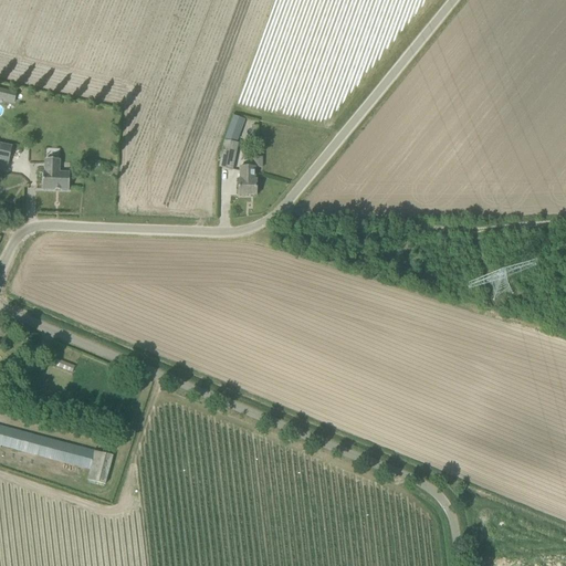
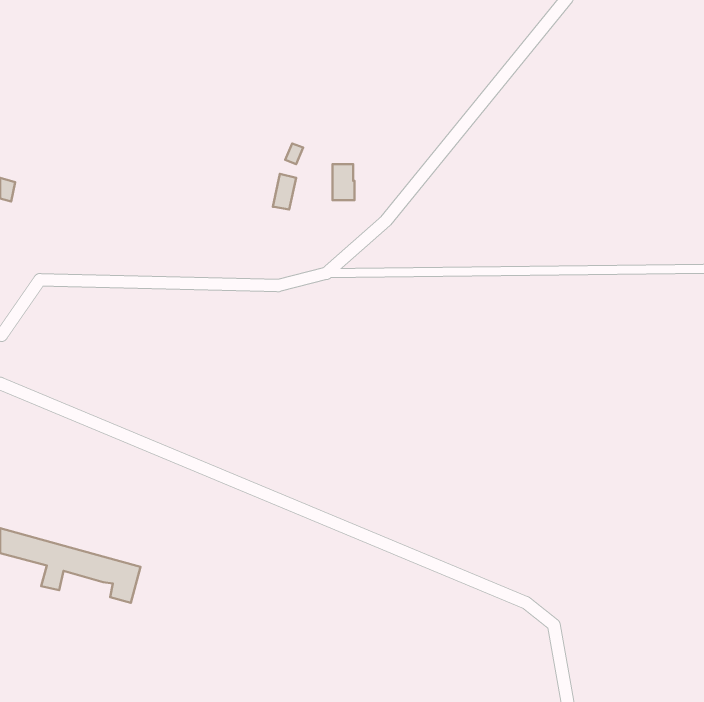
building: [43,158,70,189] -> none
building: [239,165,256,193] -> [332,164,354,200]

